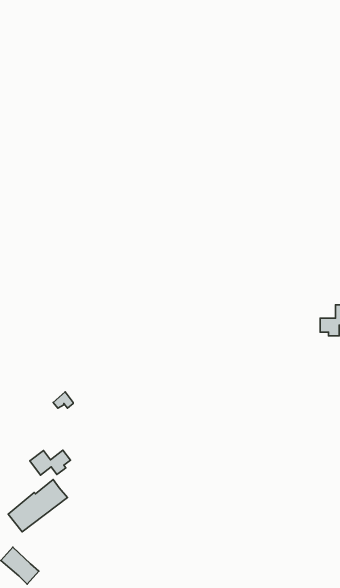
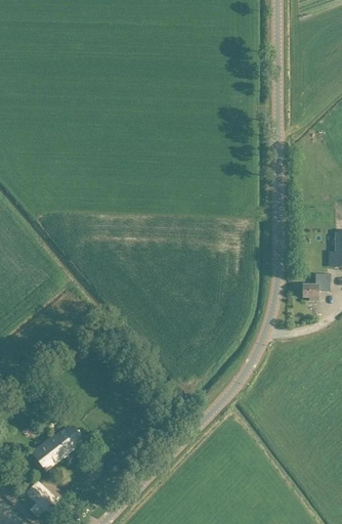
building: [30,450,71,475] -> none

